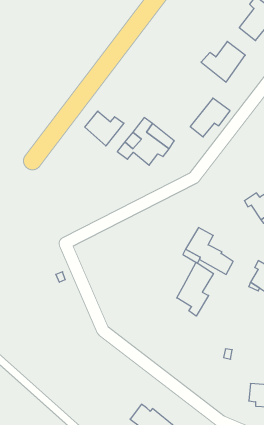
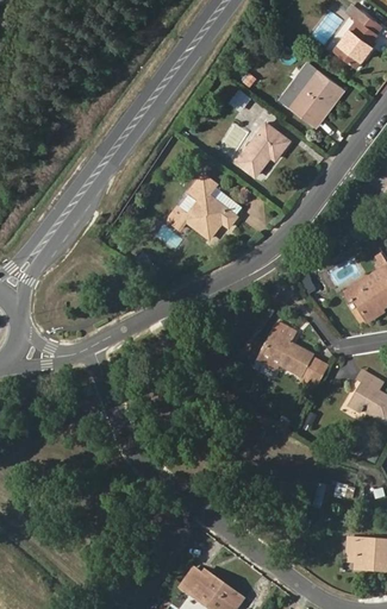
building: [190,98,230,137] -> [236,123,291,176]
building: [85,111,124,146] -> none
building: [177,262,213,316] -> none

